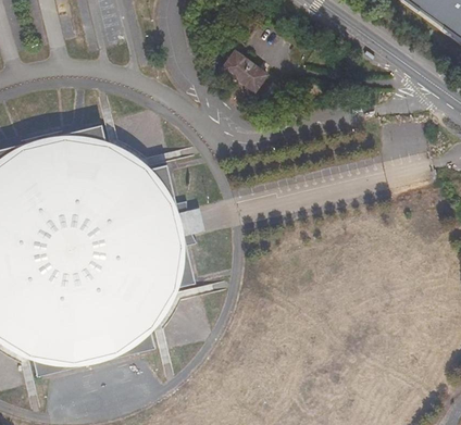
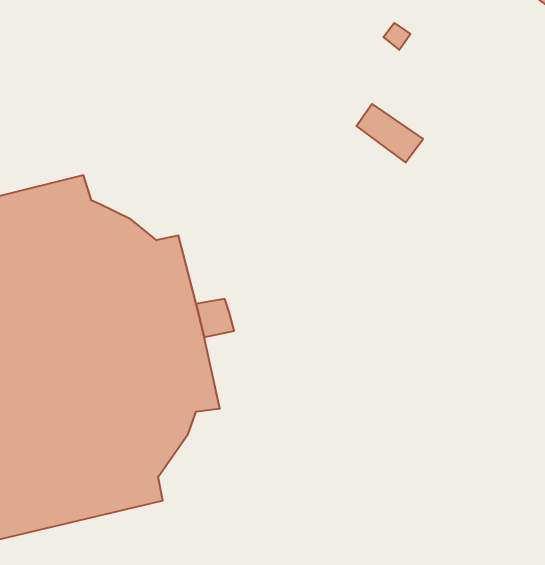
building: [221,49,266,89] -> [356,104,423,163]

